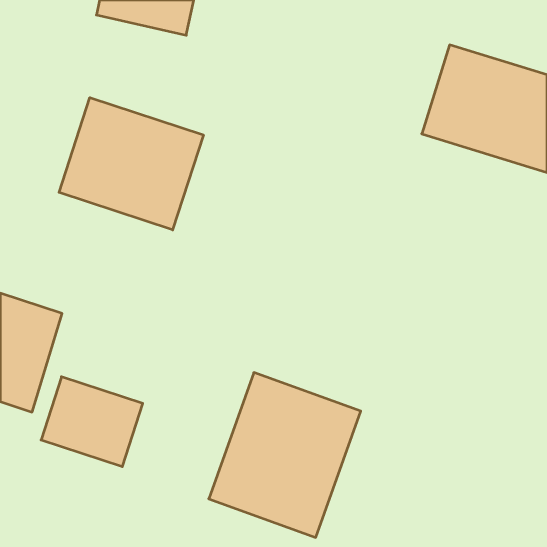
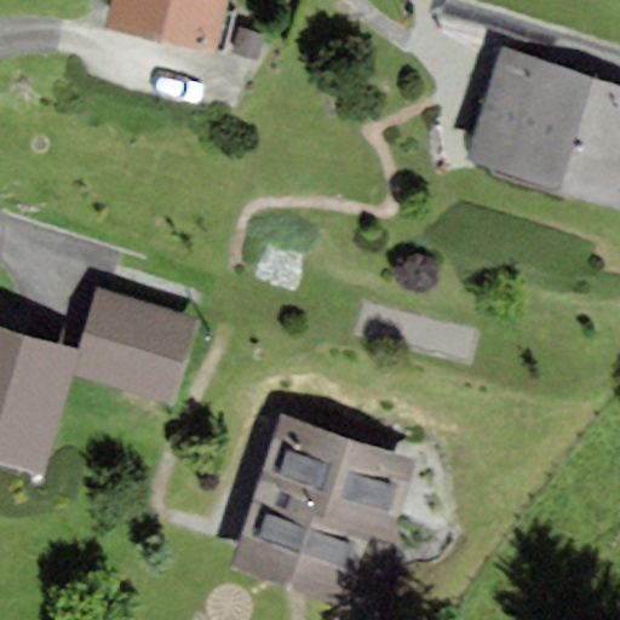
building: [59,98,203,230] -> none
building: [41,377,143,467] -> [80,295,195,397]

